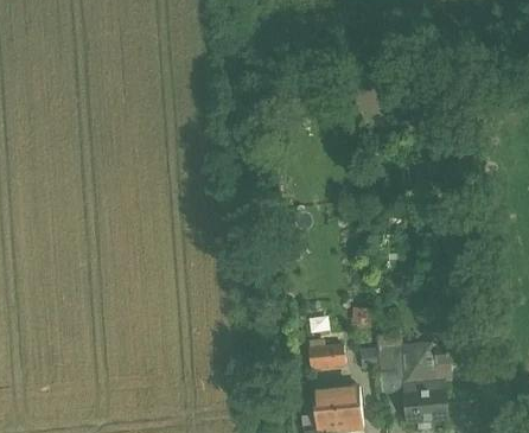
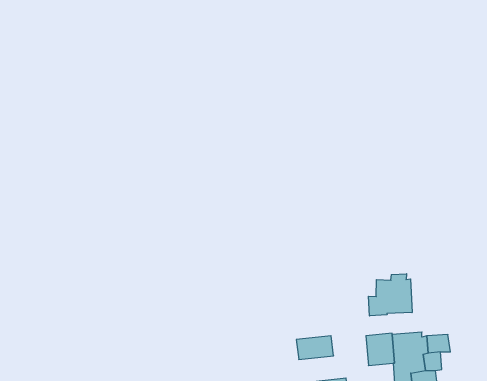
building: none -> [369,274,412,316]

